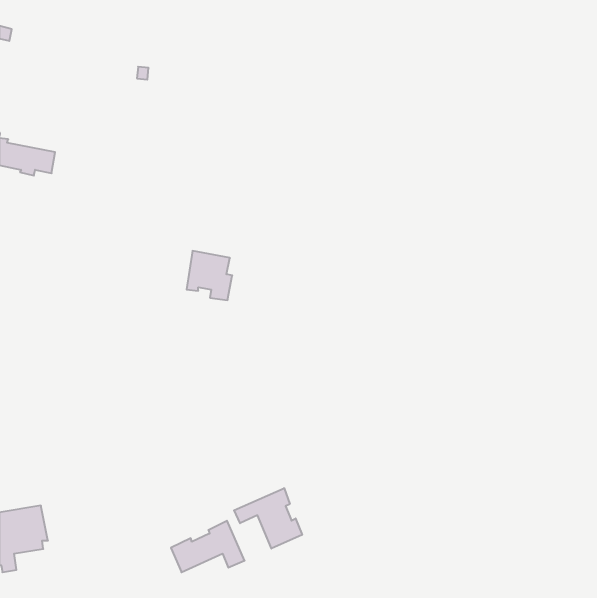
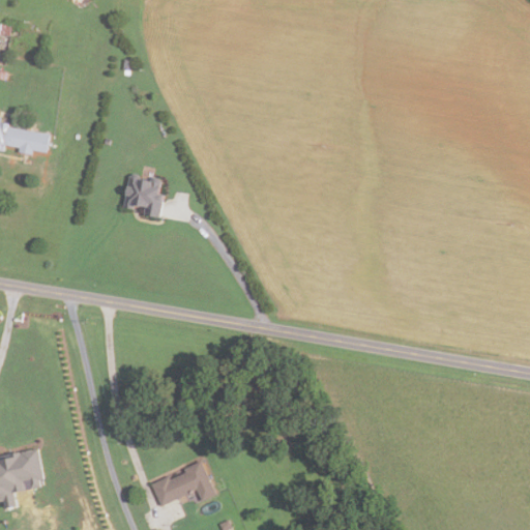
building: [187,251,232,300] -> [122,174,163,217]
building: [234,488,302,549] -> none

